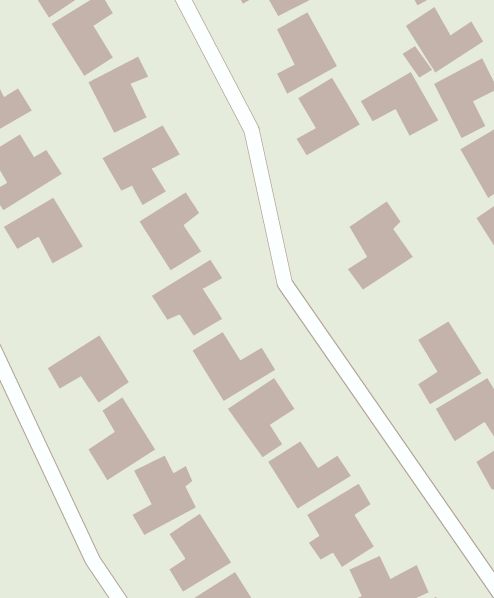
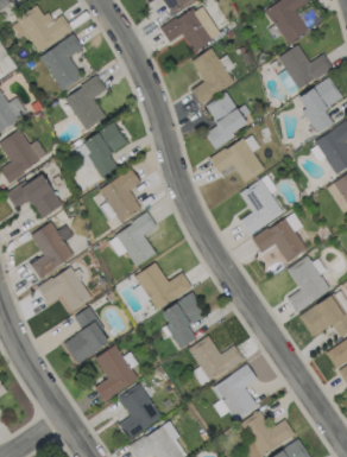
building: [360,71,439,136] -> [209,138,263,182]
building: none -> [252,212,307,261]
building: none -> [30,222,74,278]

